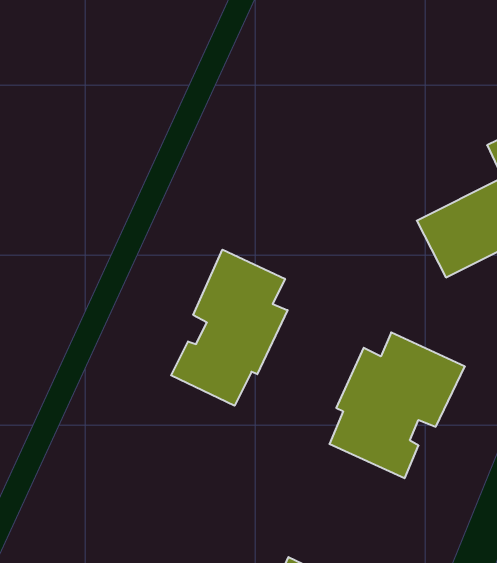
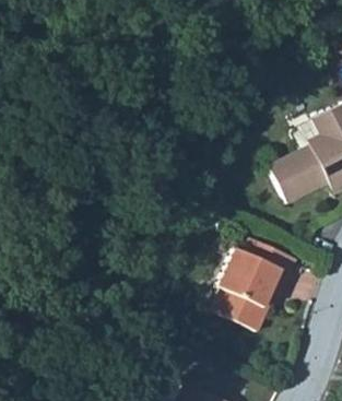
building: [171,250,288,406] -> none

